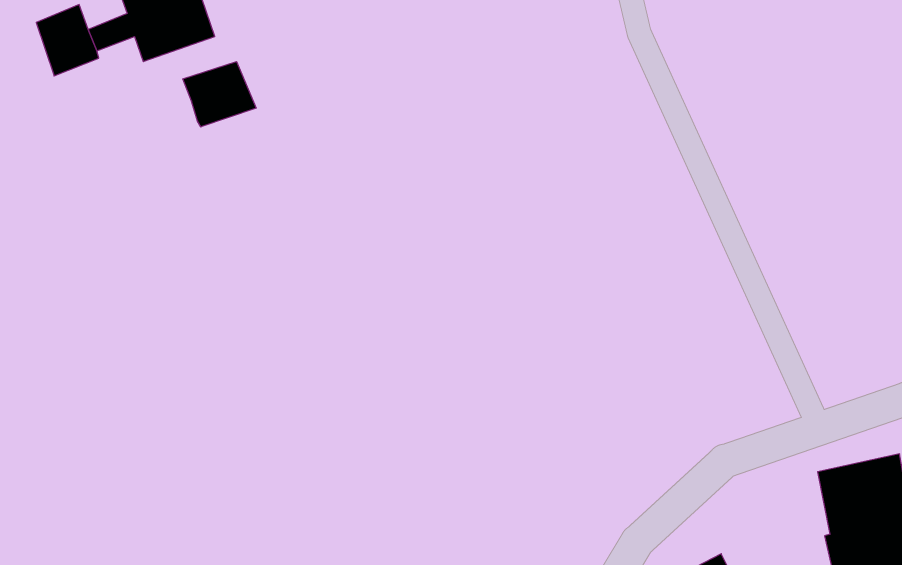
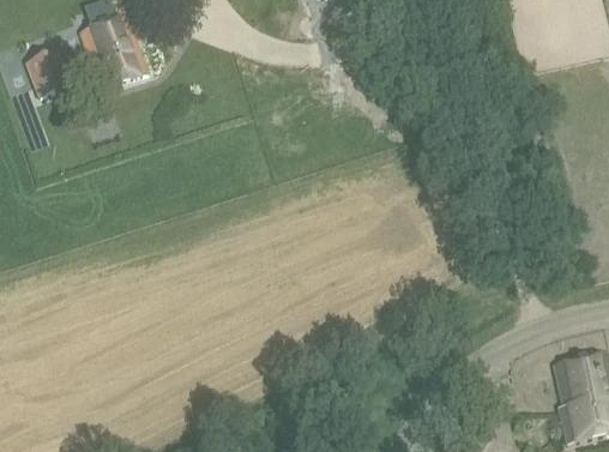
building: [183,62,256,127] -> none

